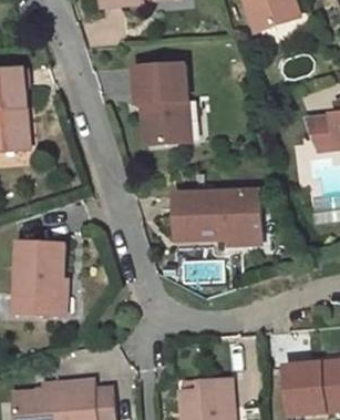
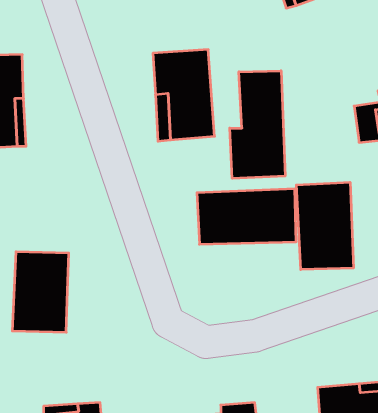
building: none -> [230,71,285,178]
building: none -> [296,182,353,270]

